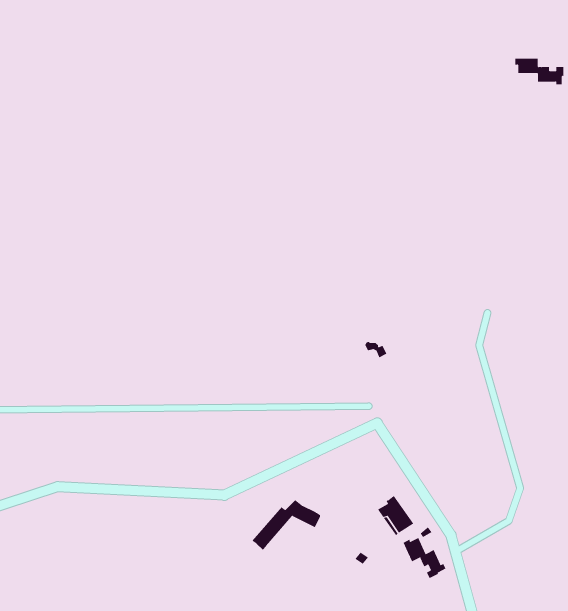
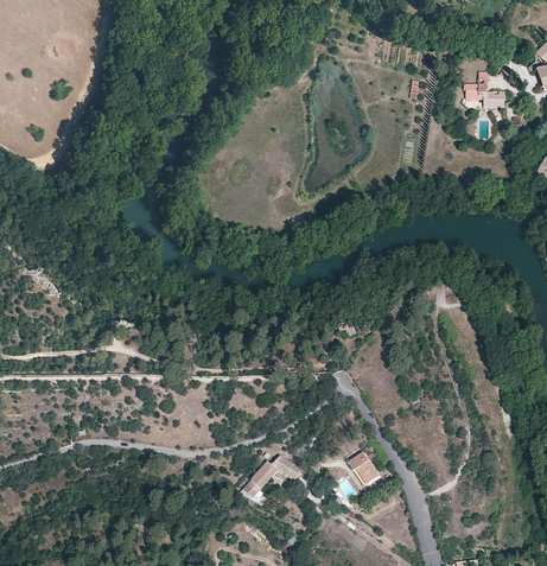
building: [403,537,446,579] -> none

